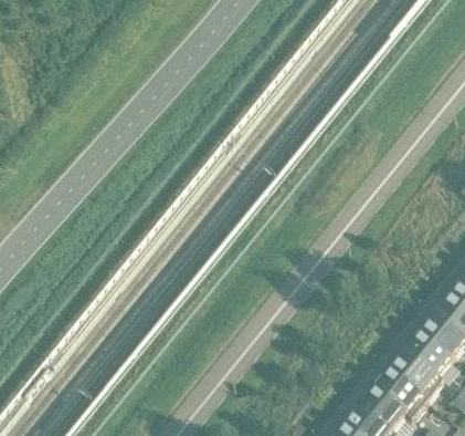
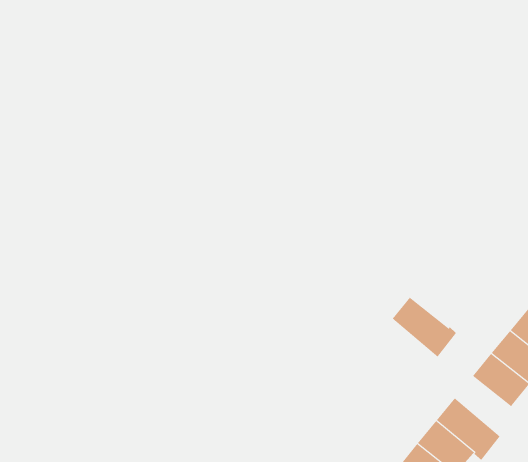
building: [384,347,437,397] -> [392,297,457,358]

